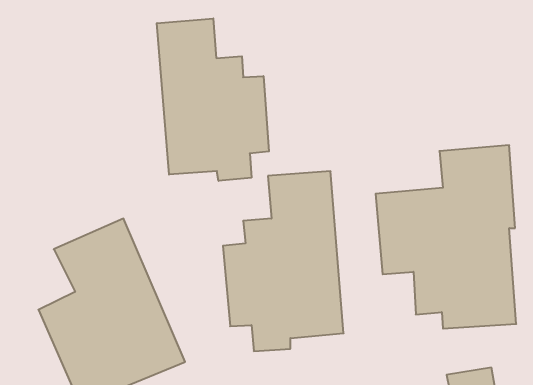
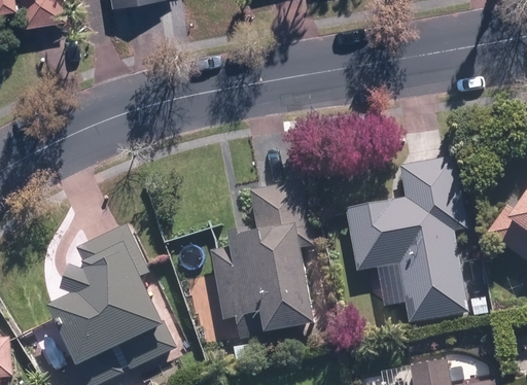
building: [157,18,269,181] -> none

